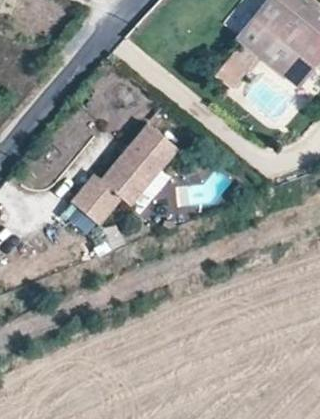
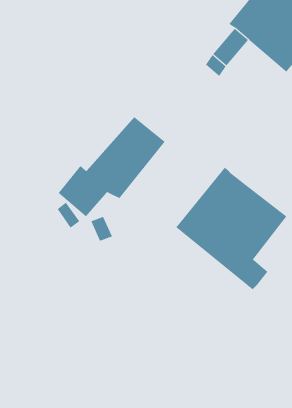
building: none -> [175,167,287,290]

